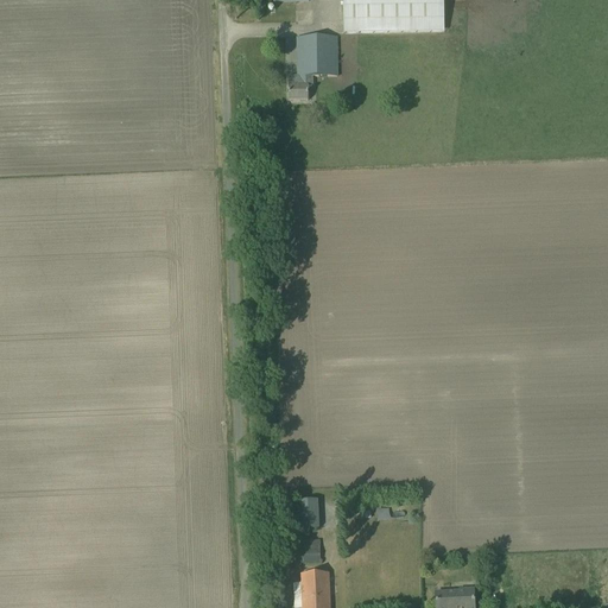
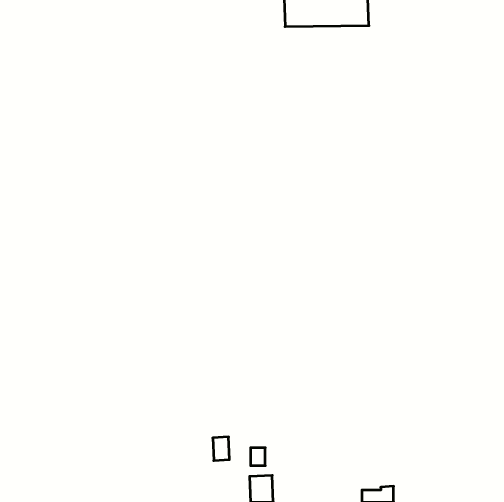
building: [289,36,337,100] -> none
building: [298,499,318,527] -> [213,437,229,461]

